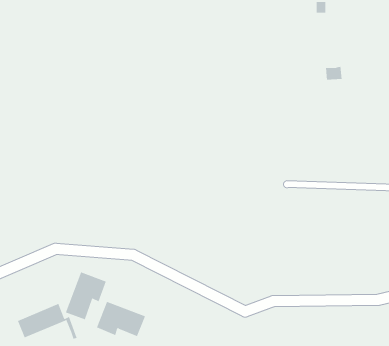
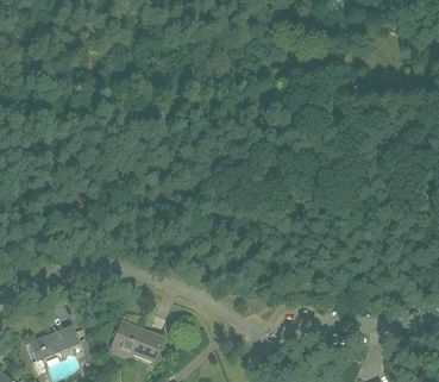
building: [65,272,106,320] -> none

